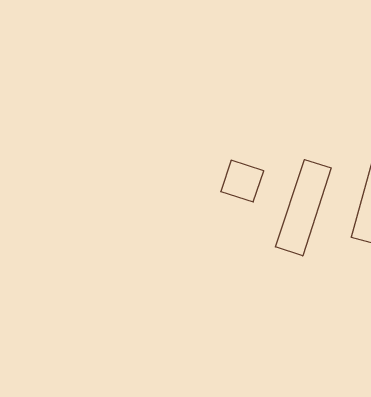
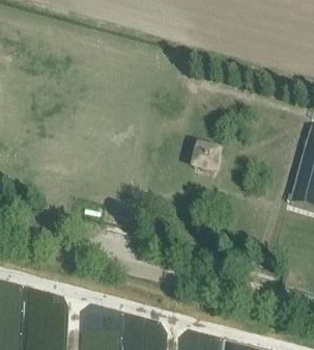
building: [275,160,331,256] -> none

